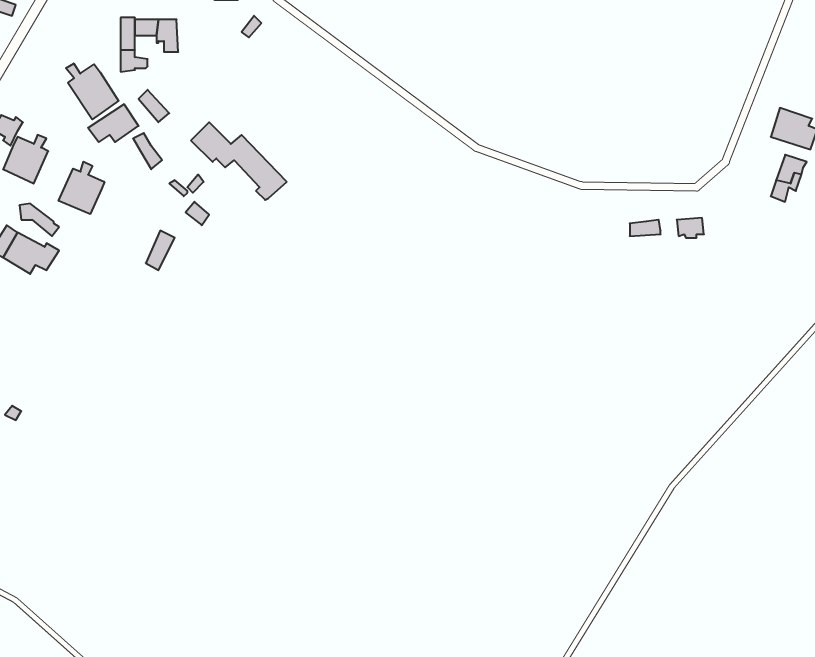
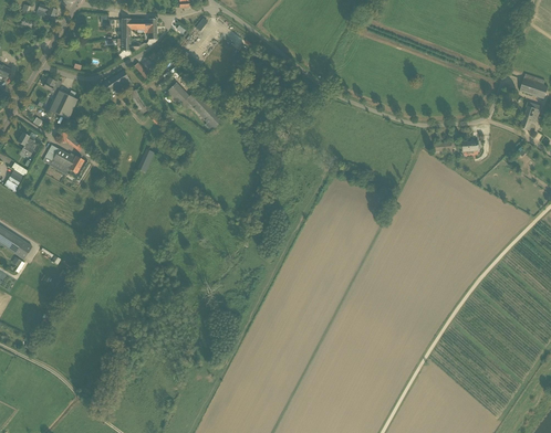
building: [66,63,119,119] -> none
building: [59,162,104,214] -> none

